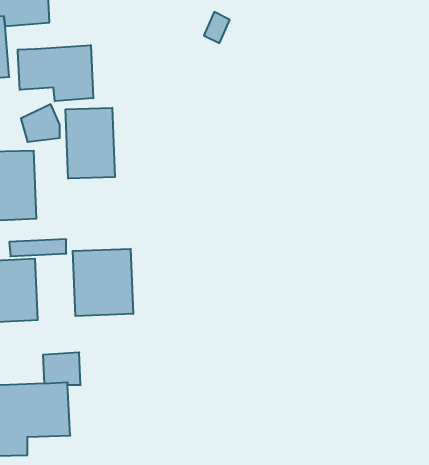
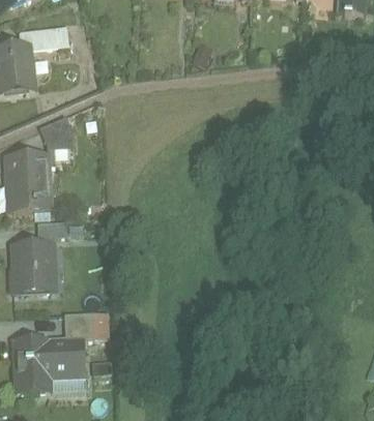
building: [18,45,93,101] -> none
building: [66,108,115,179] -> none
building: [73,249,133,316] -> none

